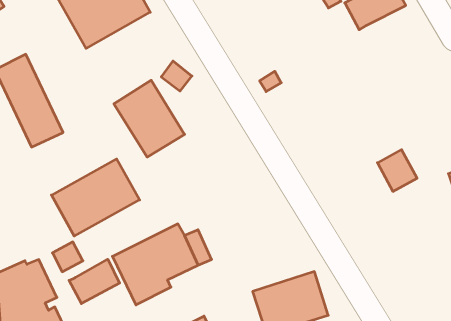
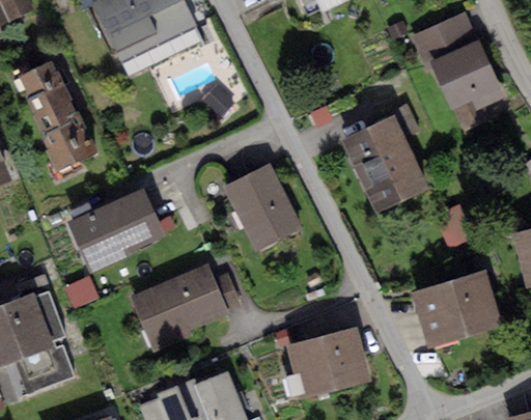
building: none -> [434,44,504,135]
building: none -> [338,106,431,216]
building: [114,80,185,157] -> [226,165,302,250]
building: none -> [409,269,502,346]
building: [69,259,120,304] -> none

